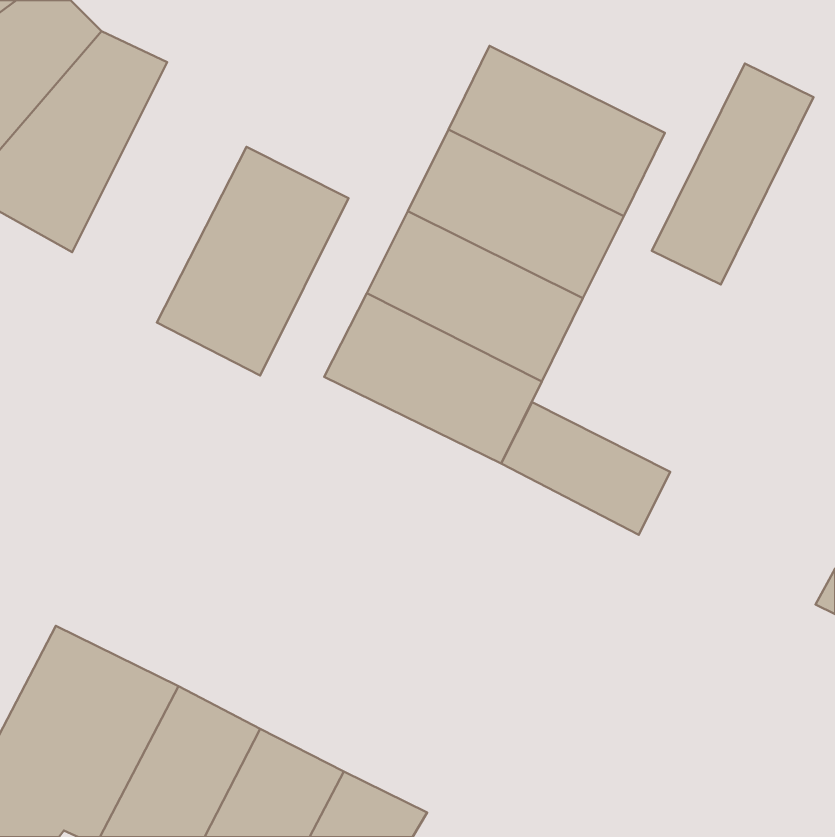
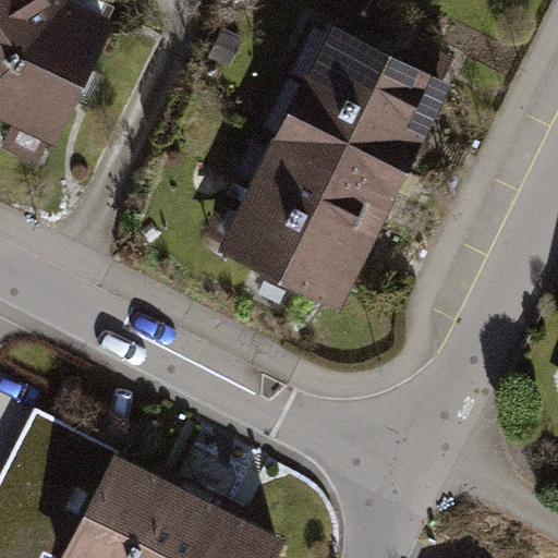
building: [652,63,814,285] -> none
building: [157,147,348,375] -> none
building: [501,402,670,535] -> none

